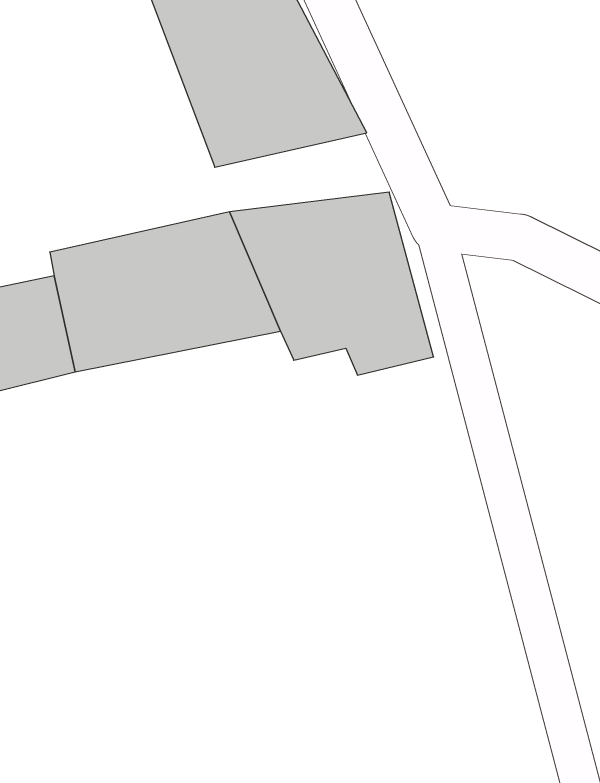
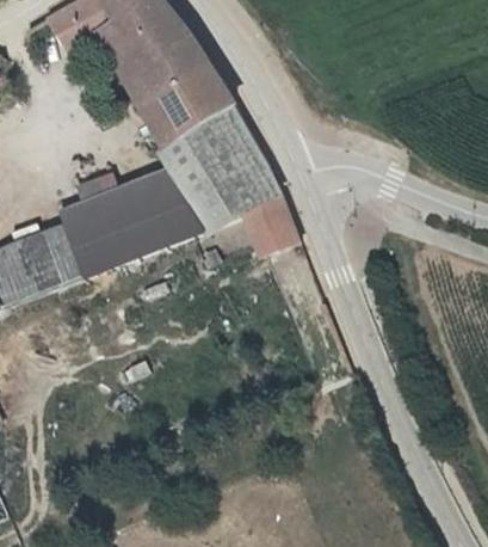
building: none -> [149,105,259,166]

